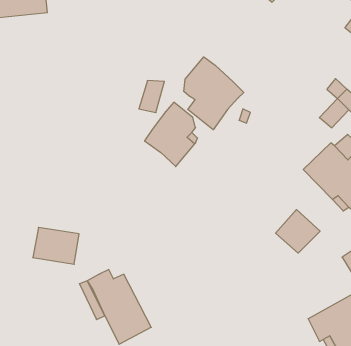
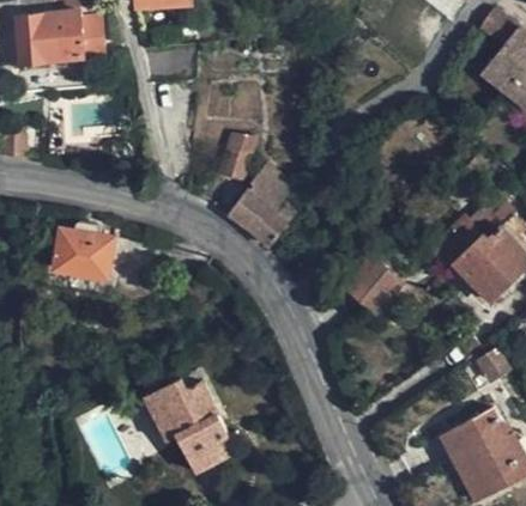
building: [184,57,244,130] -> none
building: [276,210,320,253] -> [344,260,400,315]
building: [33,227,79,264] -> [55,231,114,278]

